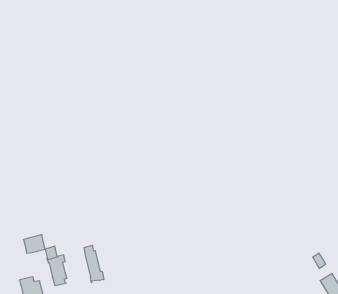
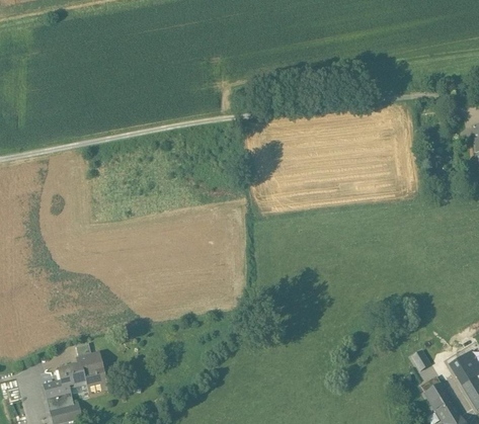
building: [23,235,45,253] -> [59,366,86,390]
building: [84,245,104,283] -> none

